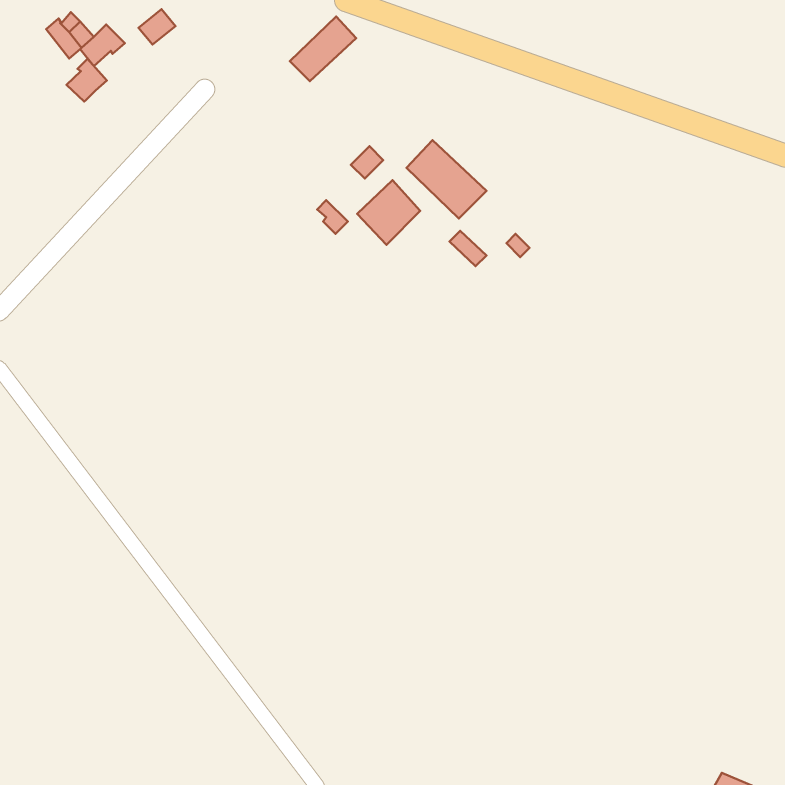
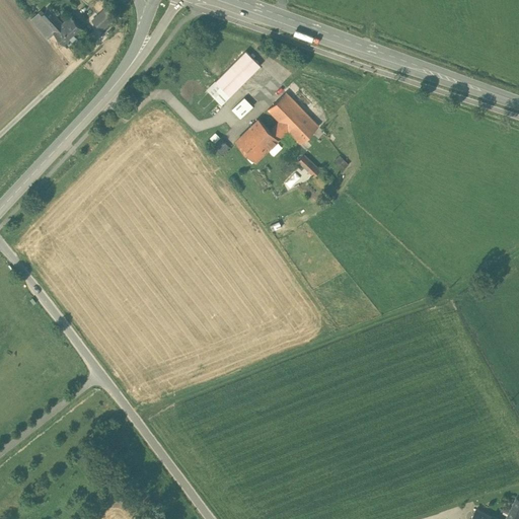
building: [290,16,356,81] -> [215,54,258,96]
building: [67,59,107,102] -> none

